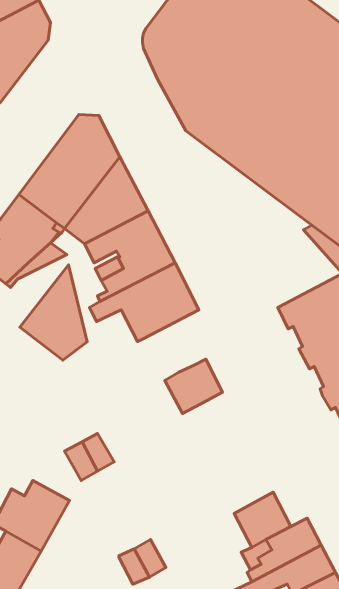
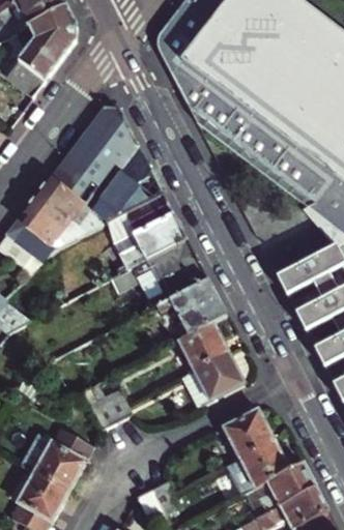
building: [20,265,87,360] -> none
building: none -> [157,278,226,333]
building: none -> [180,351,243,405]
building: none -> [223,409,273,458]

